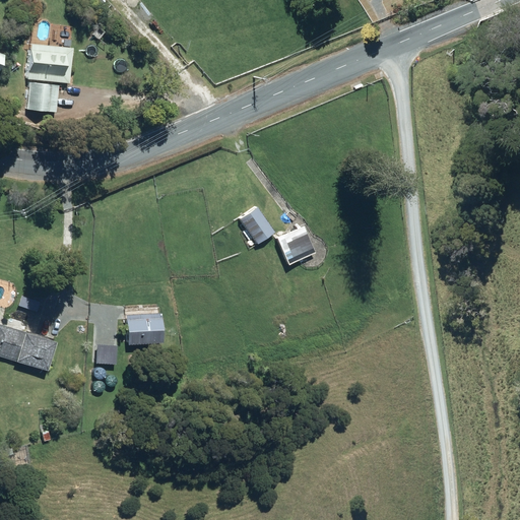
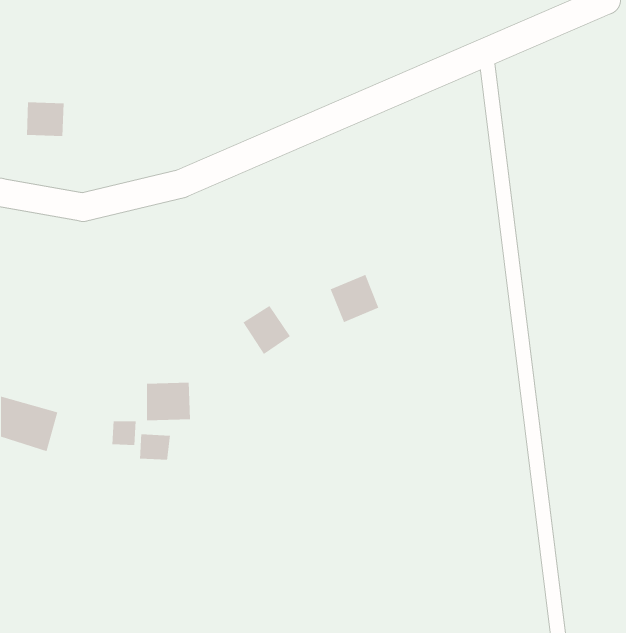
building: [25,46,72,82] -> none
building: [240,204,279,245] -> [242,305,291,355]
building: none -> [140,433,170,461]

